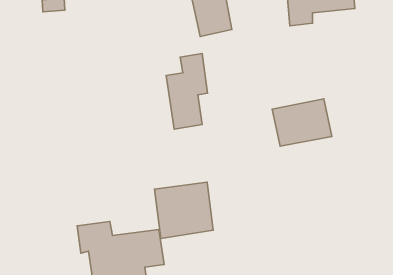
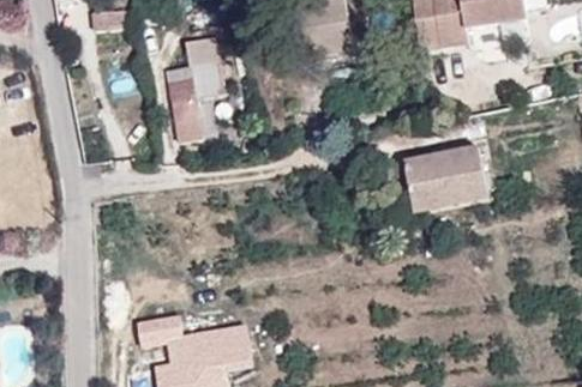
building: [166,54,207,129] -> [166,37,222,140]
building: [154,182,213,238] -> none

